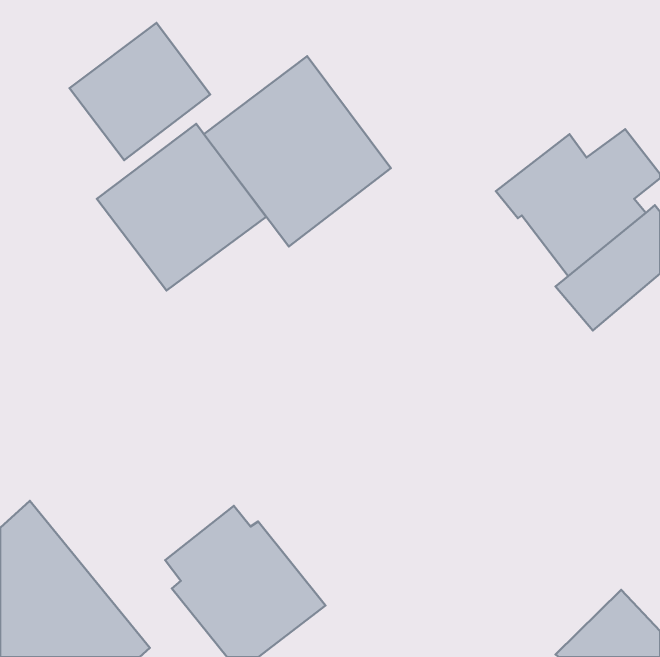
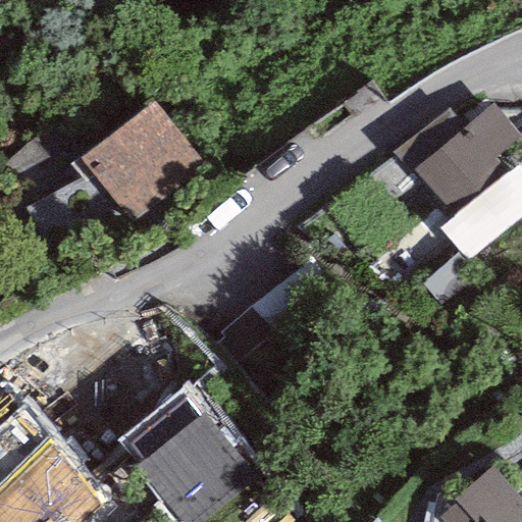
building: [70,23,210,160] -> none
building: [204,56,391,246] -> none

